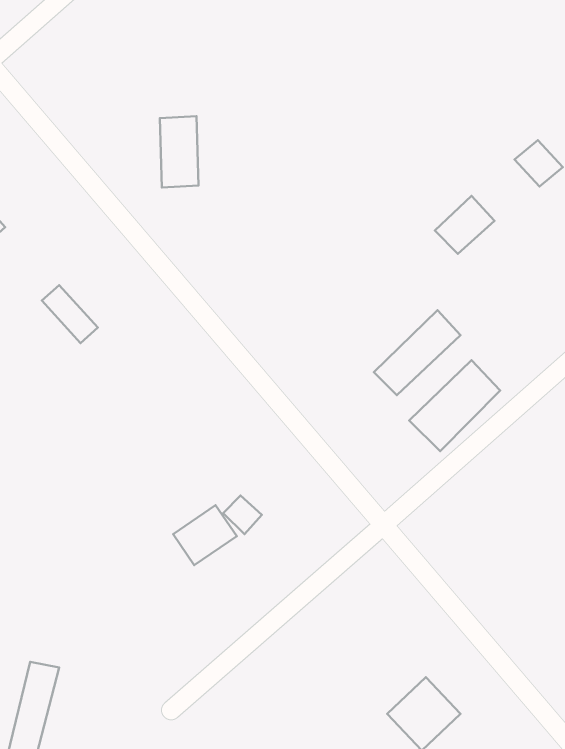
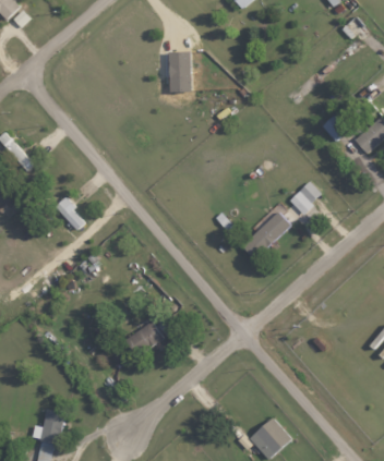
building: [160,116,198,188] -> [168,51,190,92]
building: [435,196,495,254] -> [288,181,322,214]
building: [409,360,500,451] -> none

